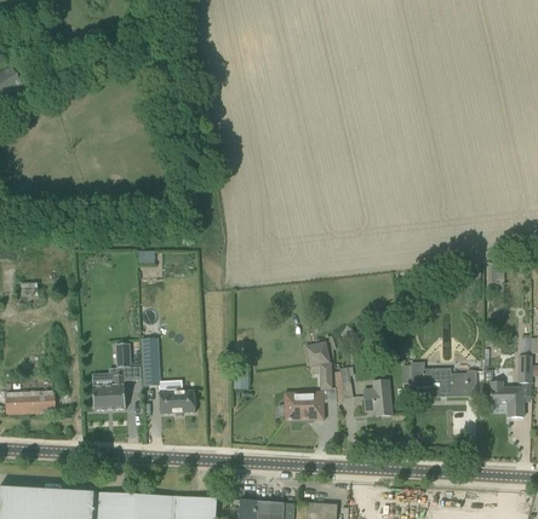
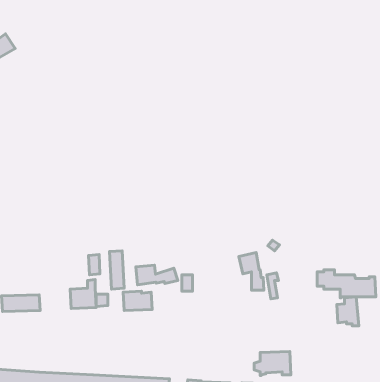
building: none -> [136,265,178,285]
building: [364,379,391,415] -> [337,297,359,326]
building: [277,391,324,421] -> [254,352,291,376]

